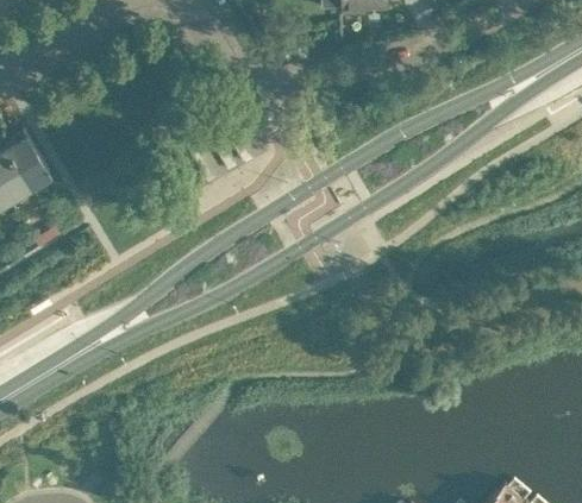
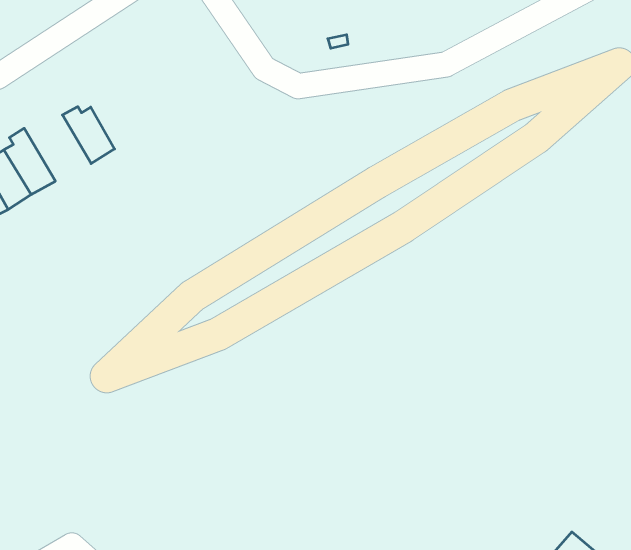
building: none -> [62,107,115,164]

